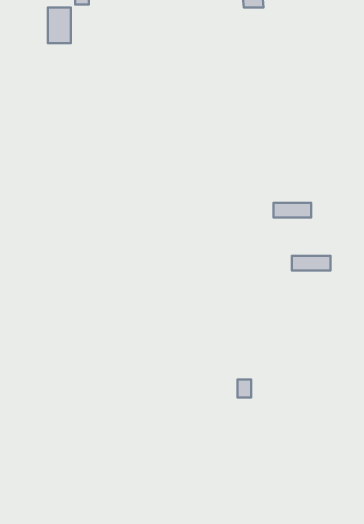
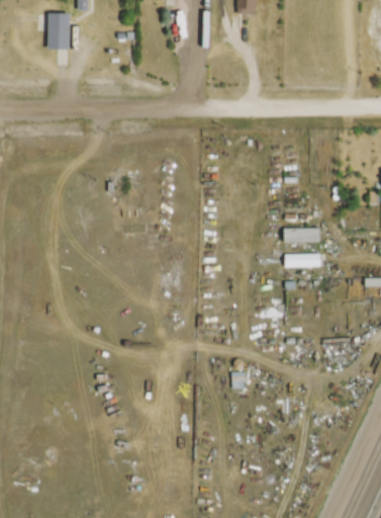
building: [274,203,311,217] -> [284,228,320,242]

